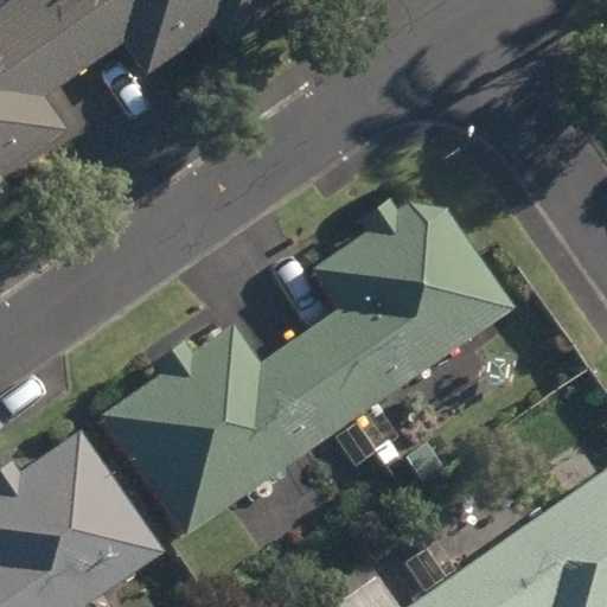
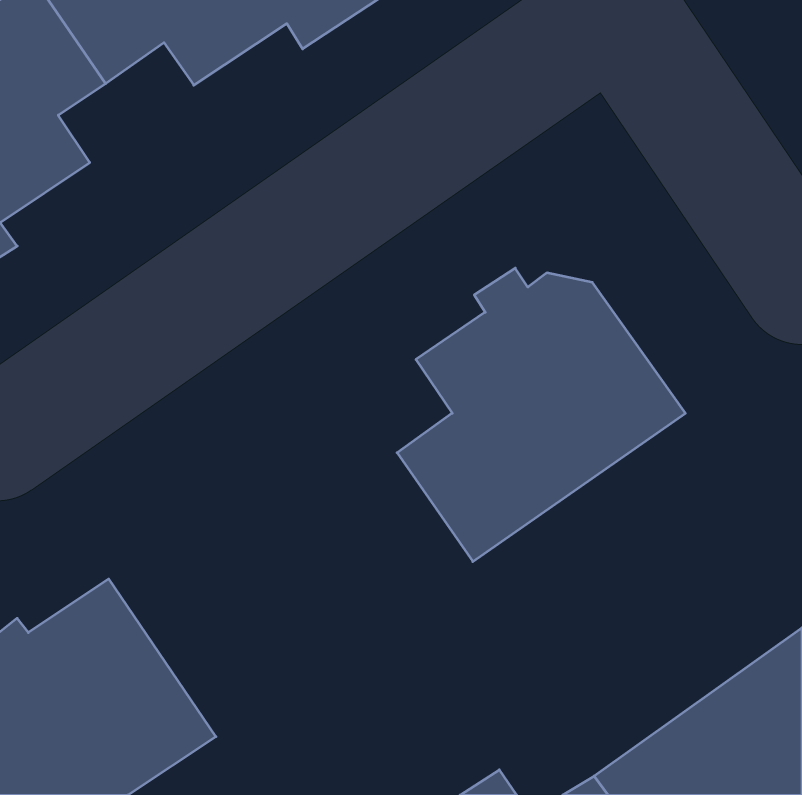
building: [104,327,356,538] -> none

